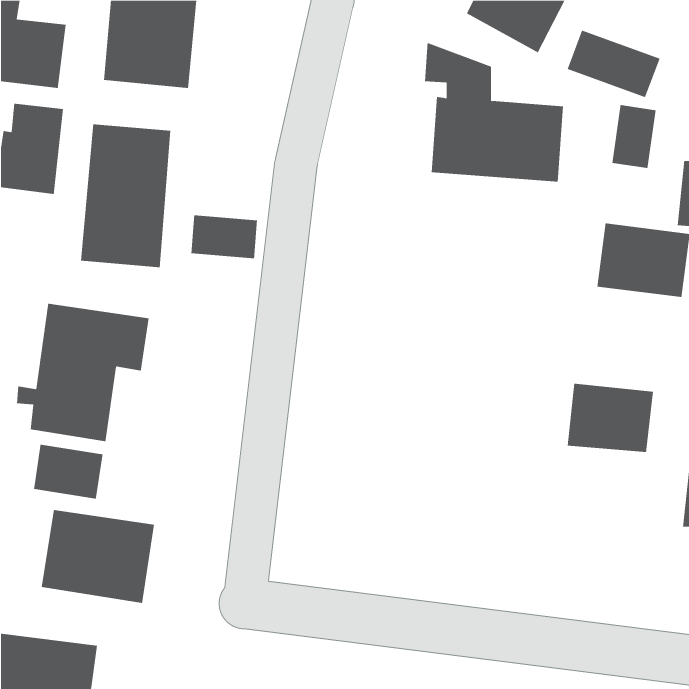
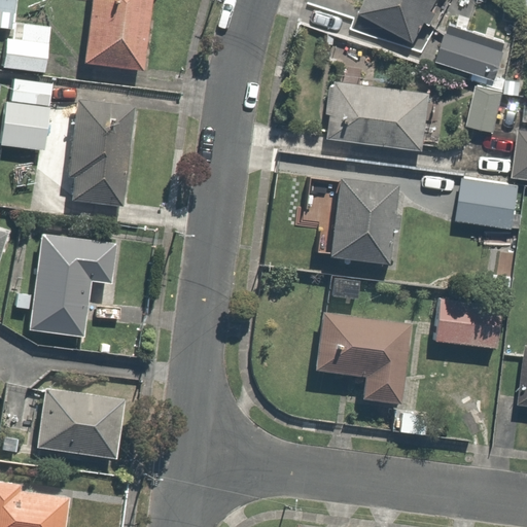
building: [191,215,257,259] -> none
building: none -> [330,179,398,264]
building: none -> [314,317,409,406]
building: [33,444,103,500] -> none

